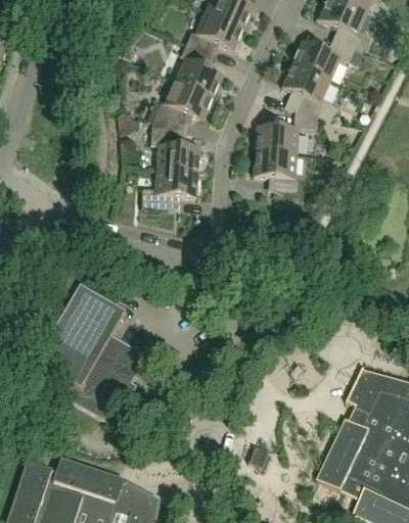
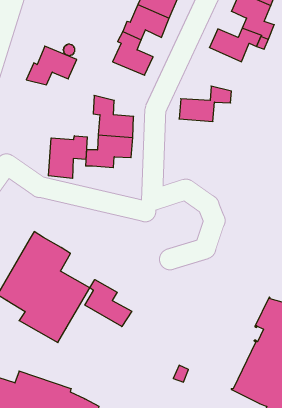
building: [281,63,335,121] -> none
building: [151,81,213,128] -> [26,46,77,85]
building: [253,150,299,192] -> none
building: none -> [48,136,87,178]
building: none -> [85,280,132,327]

